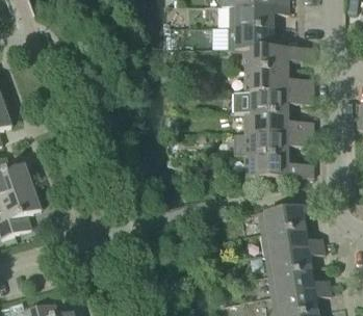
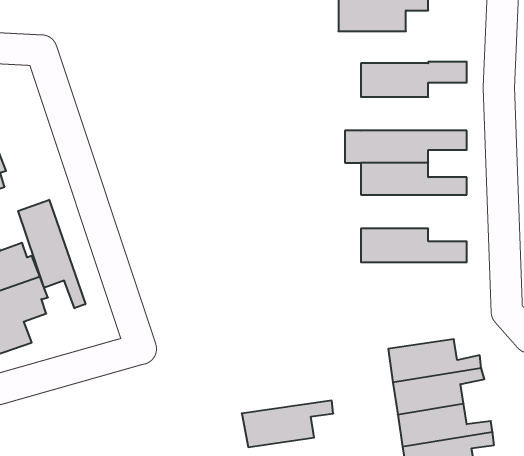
building: [230,27,288,49] -> none
building: [244,70,313,91] -> none
building: [234,133,313,155] -> none
building: none -> [18,200,85,308]
building: [258,203,317,233] -> [242,401,333,447]

